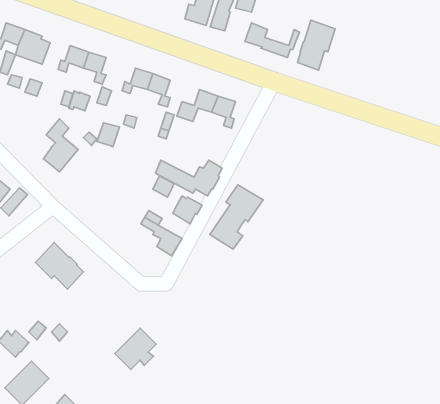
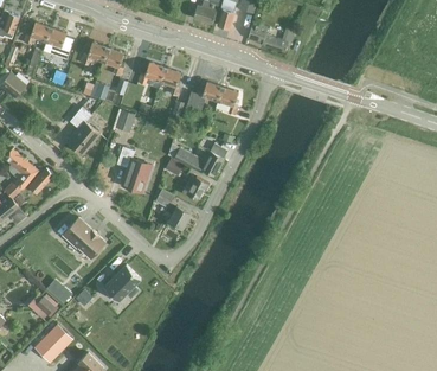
building: [298,20,335,70] -> none
building: none -> [117,147,152,192]
building: [210,185,263,249] -> none
building: [115,328,156,370] -> [103,264,140,301]

